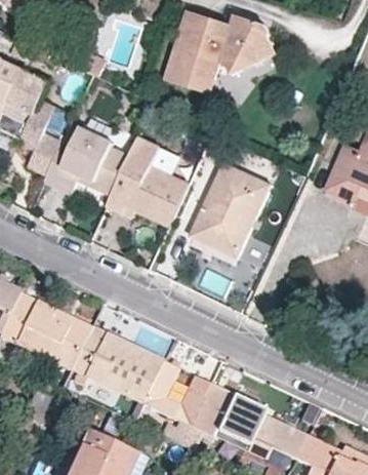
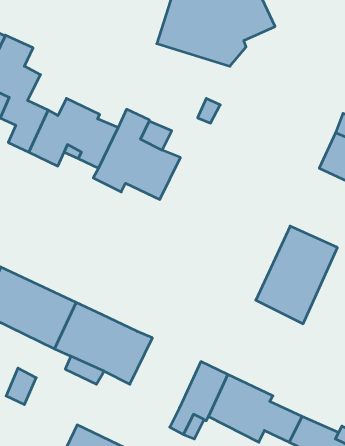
building: [191,161,269,254] -> [256,226,337,324]
building: [140,358,208,425] -> none

